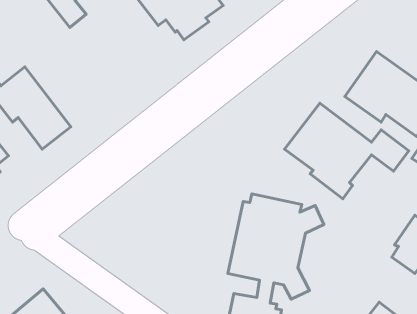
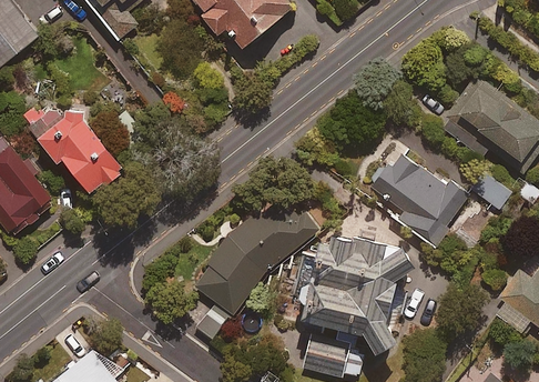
building: none -> [193,191,317,342]

